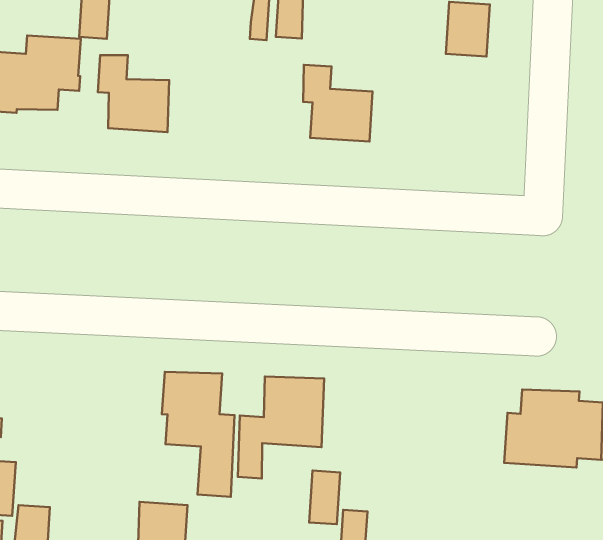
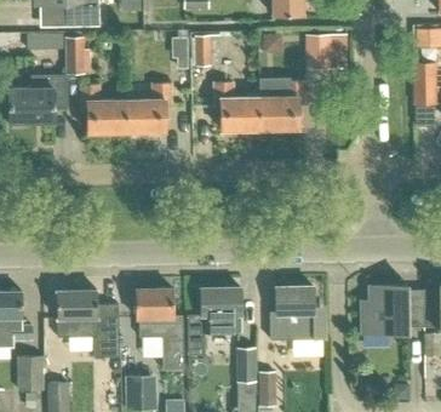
building: none -> [126,84,171,133]
building: none -> [259,81,304,131]
building: none -> [56,291,118,356]
building: none -> [270,286,326,341]

